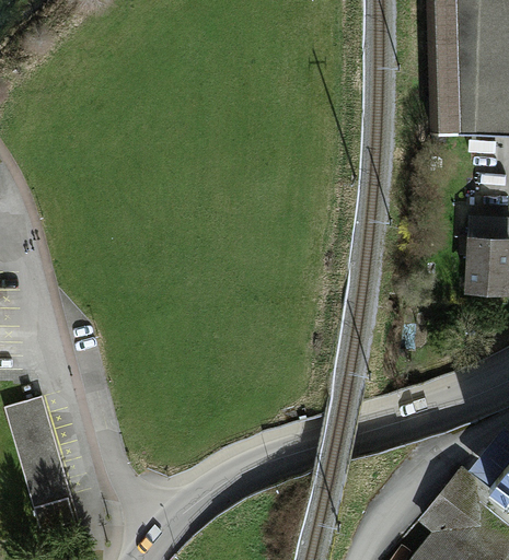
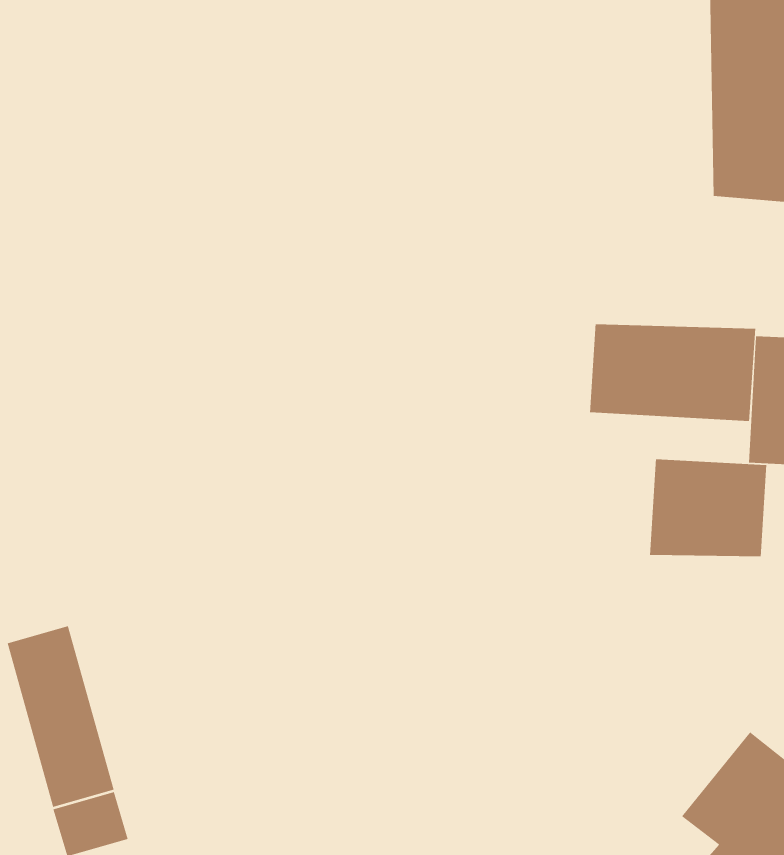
building: none -> [589,324,756,422]
building: none -> [649,458,767,557]

